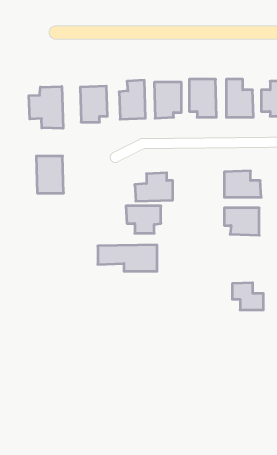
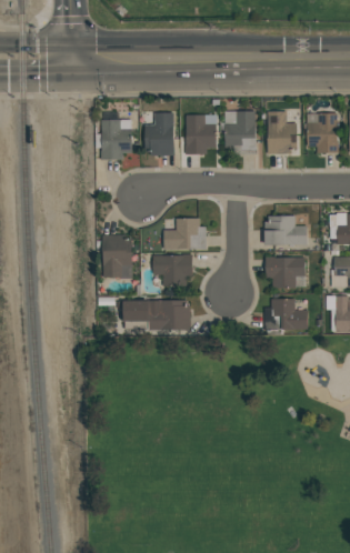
building: [29,86,63,128] -> none
building: [36,156,64,193] -> [102,235,133,278]
building: [232,283,263,310] -> [272,299,308,330]

